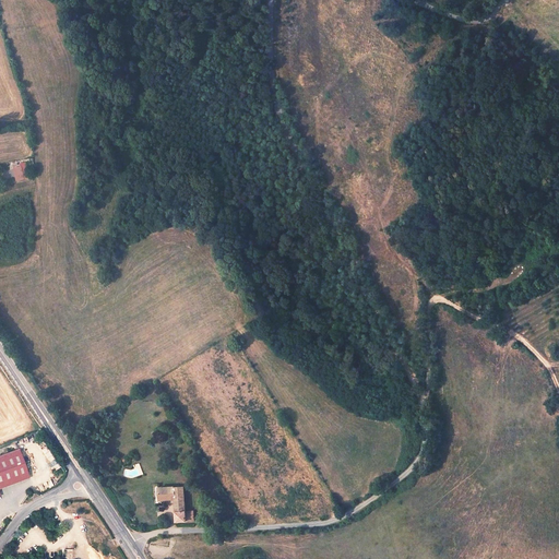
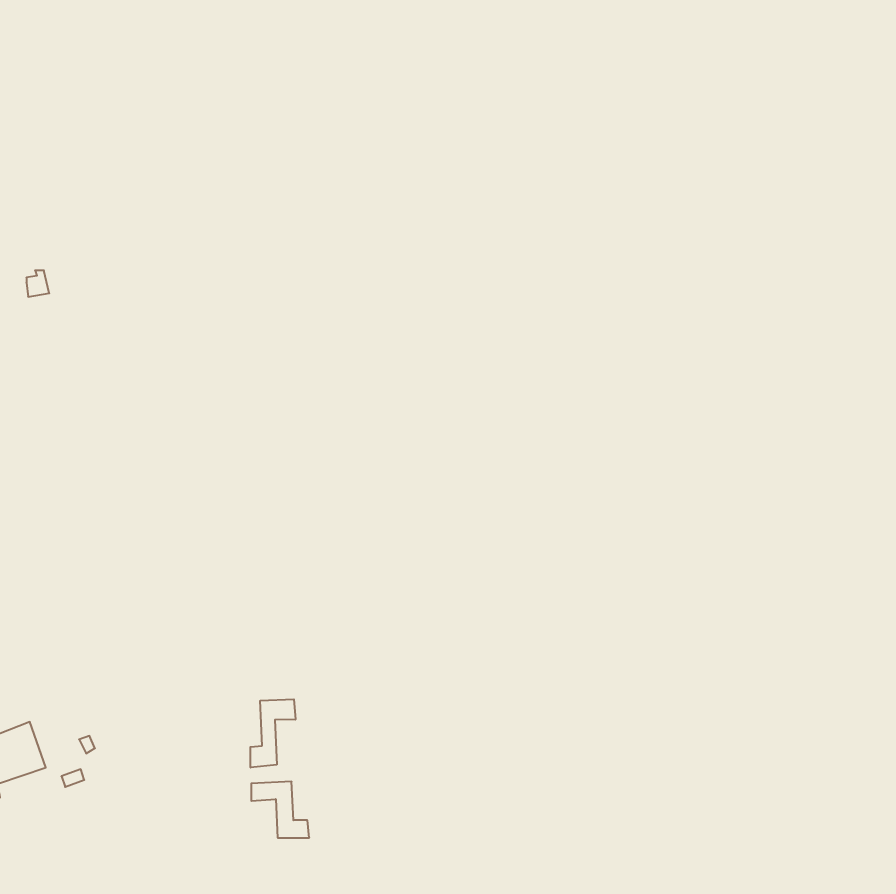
building: none -> [250,699,295,768]

